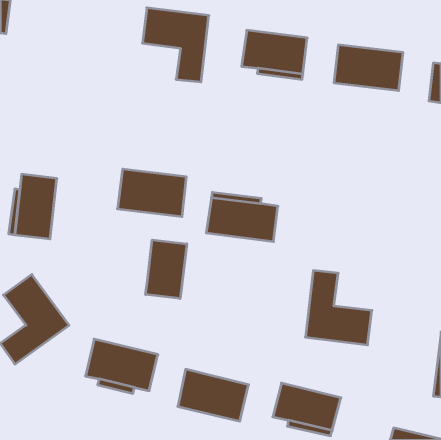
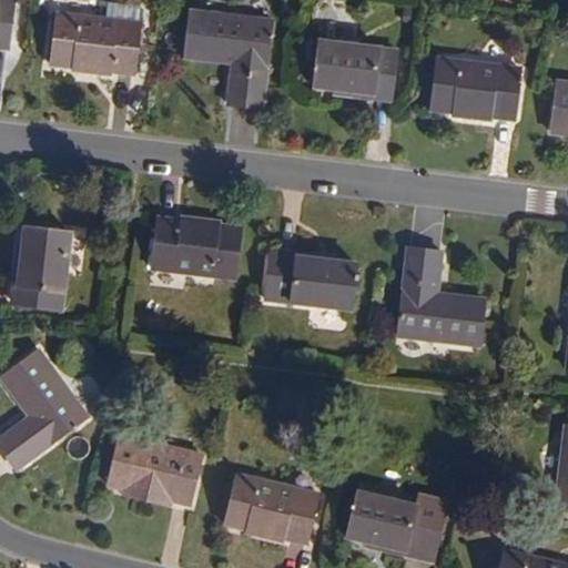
building: none -> [50,12,138,72]
building: [146,240,187,299] -> none
building: [305,271,372,345] -> [399,247,485,343]

